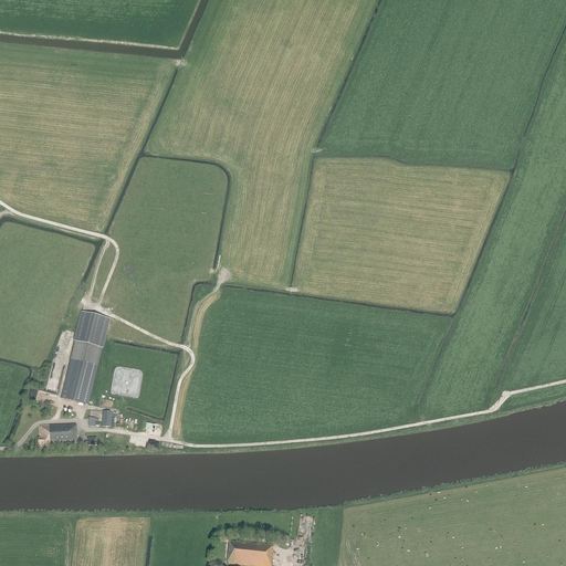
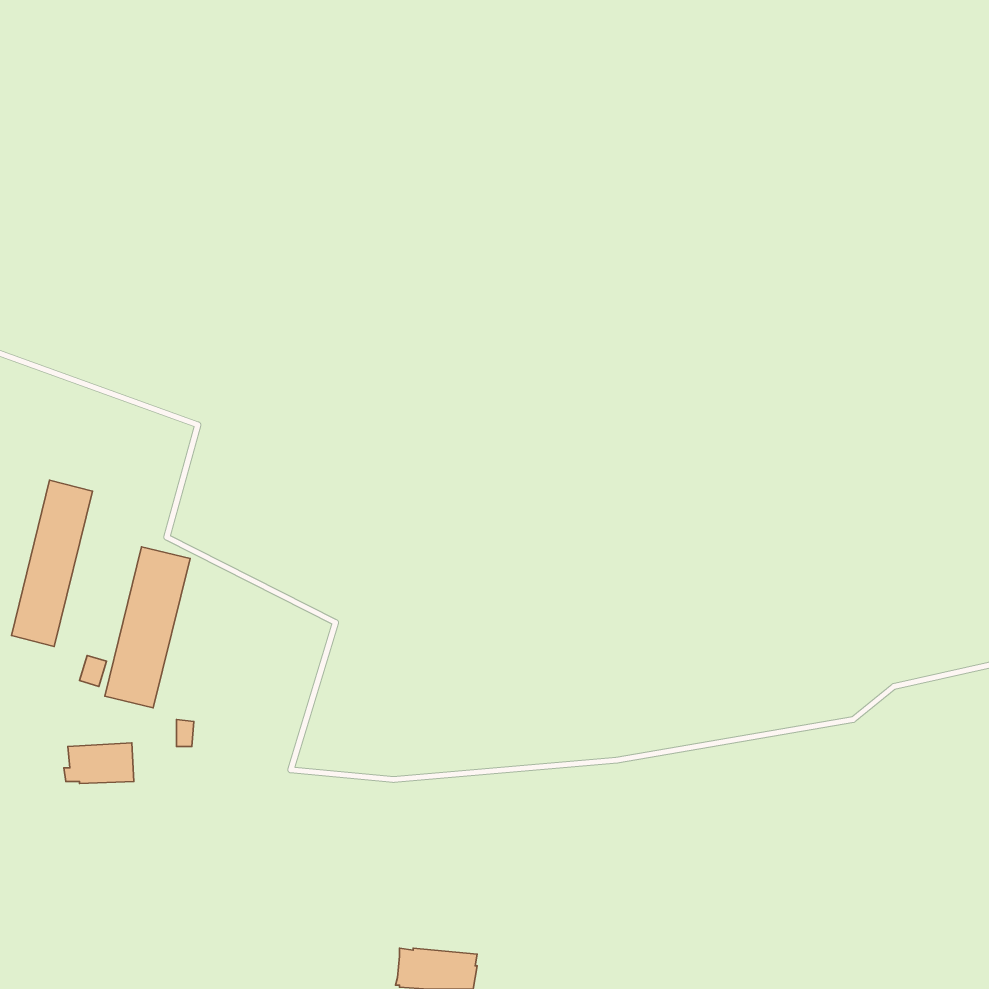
building: none -> [11,480,93,646]

